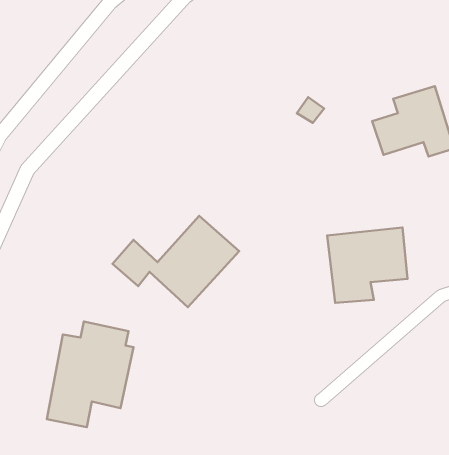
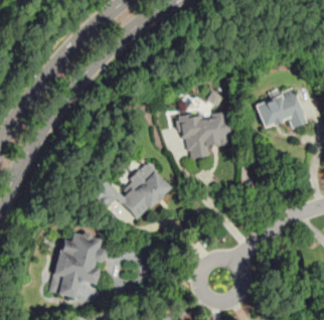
building: [327,228,407,303] -> [180,111,230,158]

